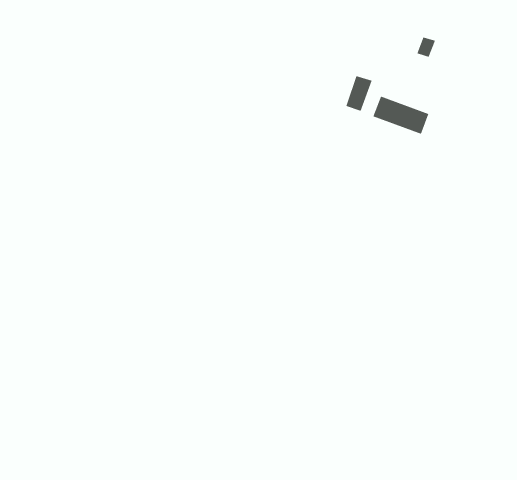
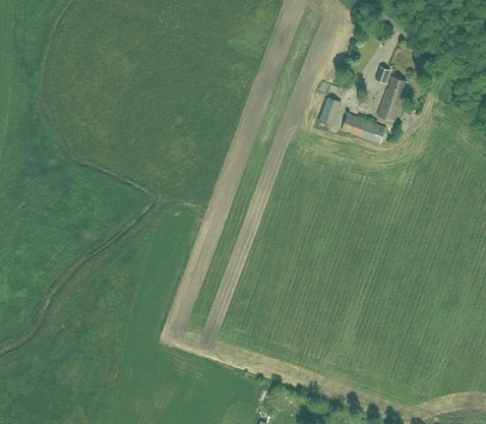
building: none -> [377,75,406,121]

